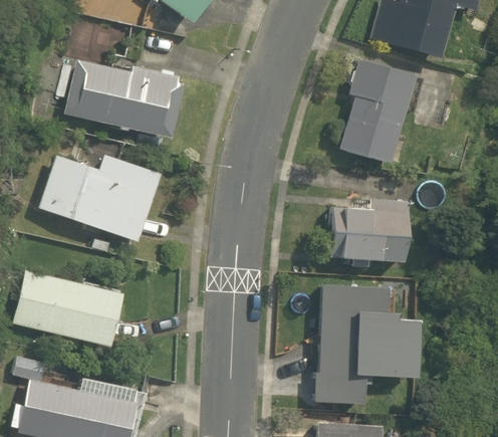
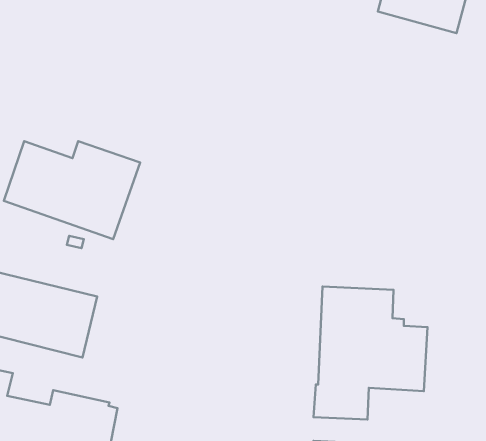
building: [64,59,181,151] -> none
building: [340,60,417,163] -> none
building: [331,198,408,262] -> none

